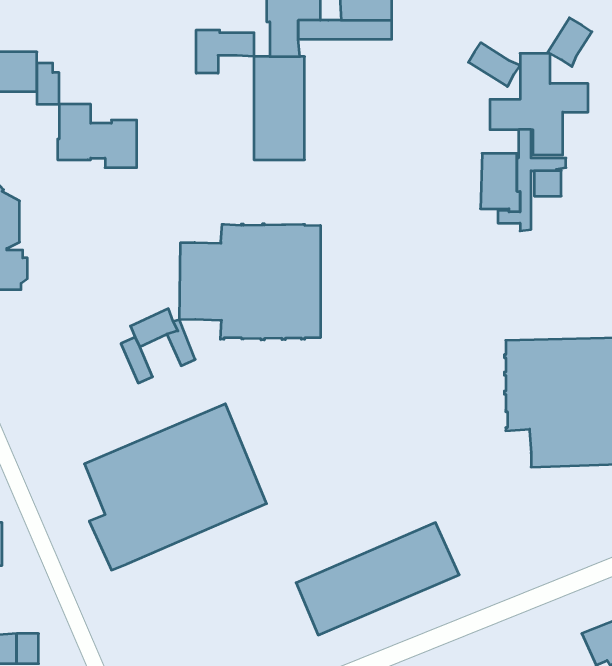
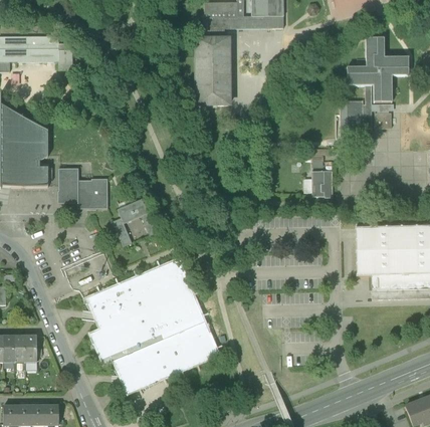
building: [548,18,592,67] -> none
building: [196,30,254,73] -> none
building: [468,43,520,87] -> none
building: [58,104,137,168] -> [57,168,108,208]
building: [179,224,320,340] -> none
building: none -> [311,170,333,197]
building: [296,523,459,635] -> [116,323,219,394]

